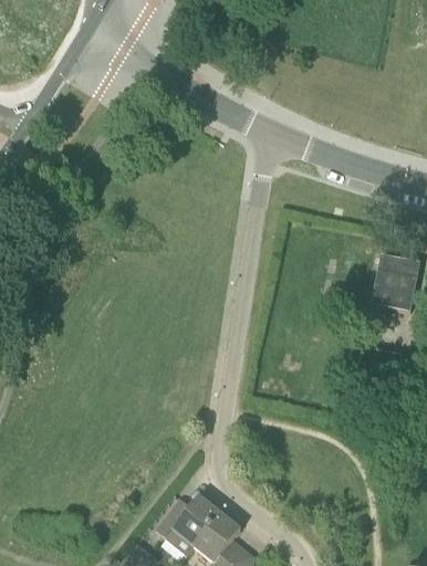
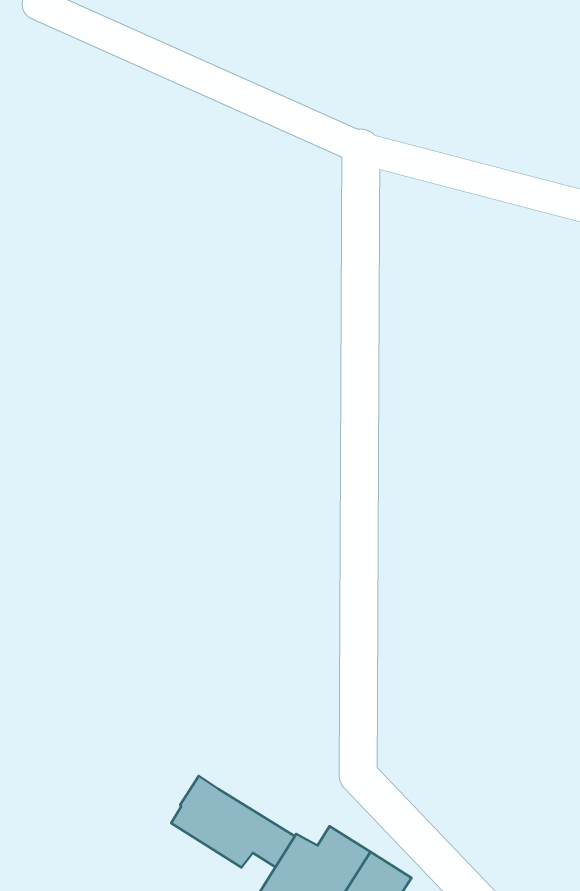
building: none -> [171,776,295,868]

